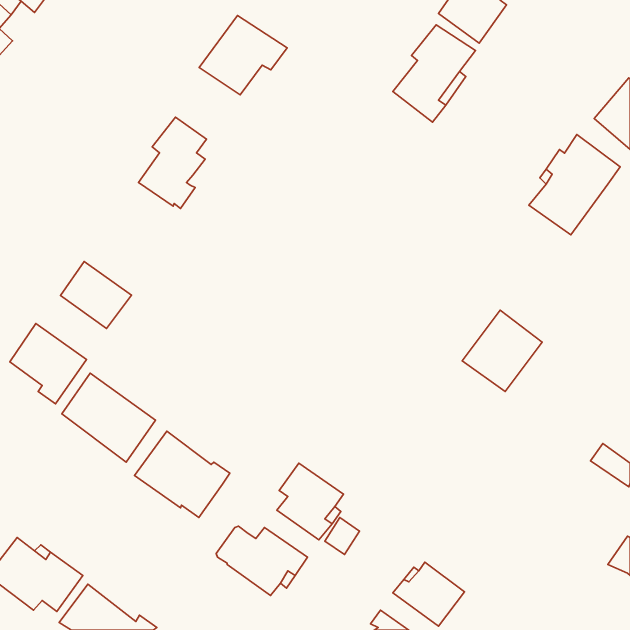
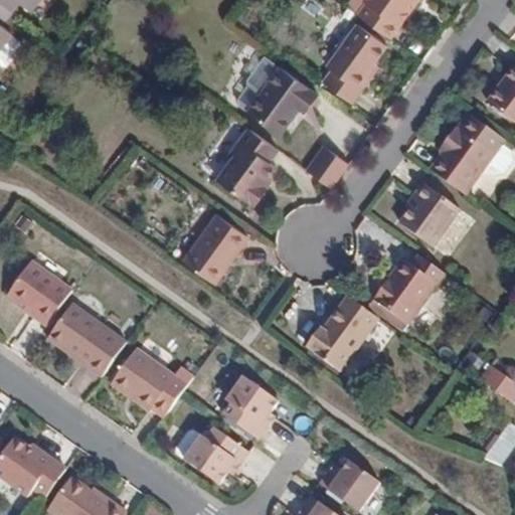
building: [199,16,287,95] -> [248,63,320,128]
building: [138,117,206,209] -> [221,125,277,199]
building: none -> [304,142,349,186]
building: none -> [399,178,460,246]
building: none -> [185,211,246,279]
building: [60,262,132,328] -> none
building: none -> [315,297,382,369]

